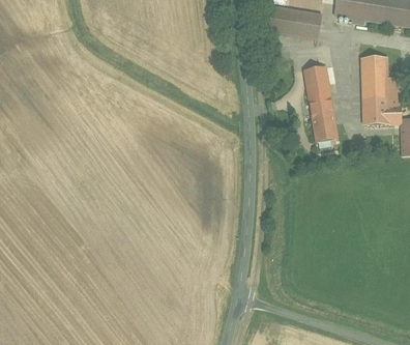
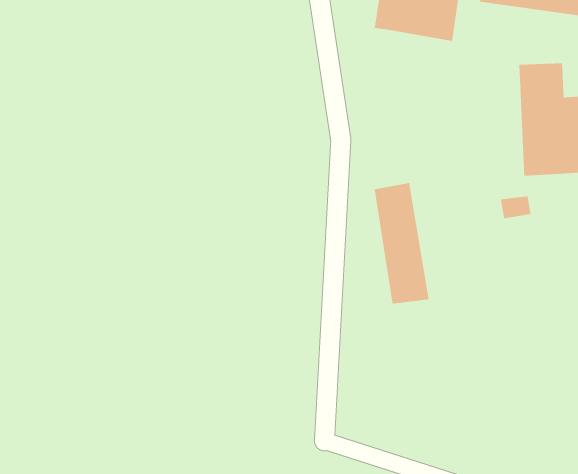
building: [304,66,340,143] -> [374,183,430,304]

